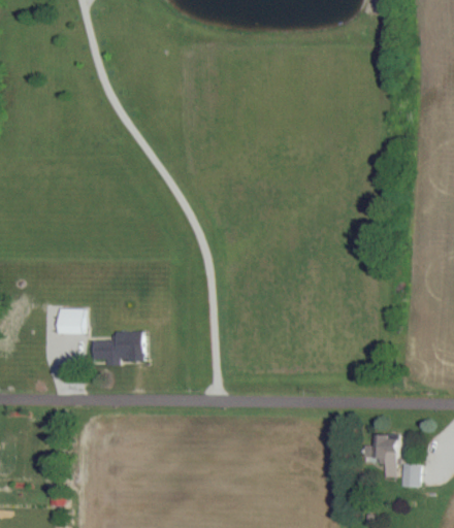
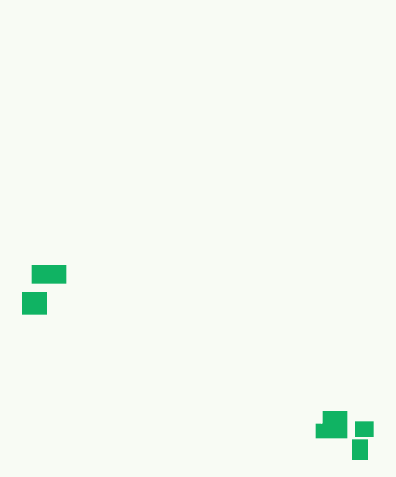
building: [93,339,131,360] -> [31,264,67,284]
building: none -> [355,420,374,438]

